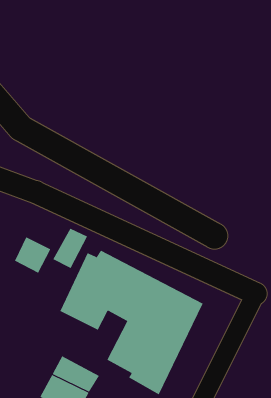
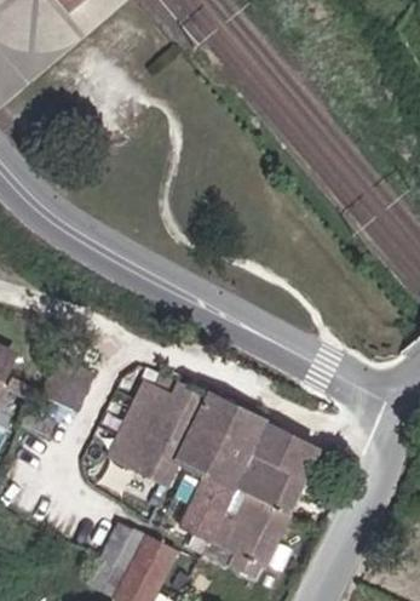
building: [52,228,88,269] -> none

